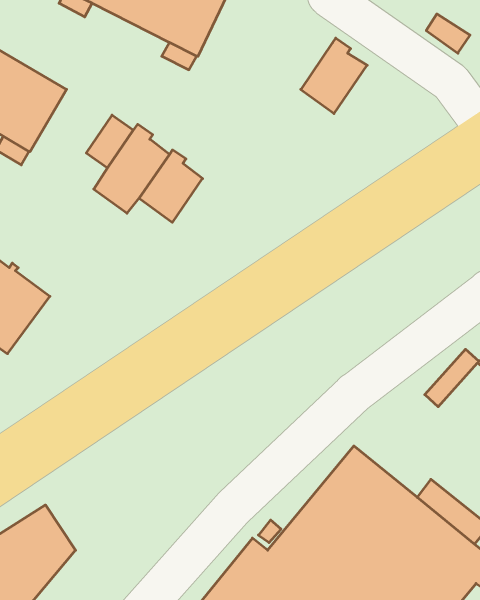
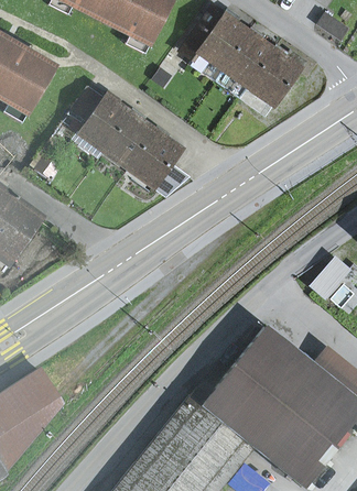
building: none -> [181,8,249,75]
building: none -> [250,47,305,102]
building: none -> [132,129,183,196]

